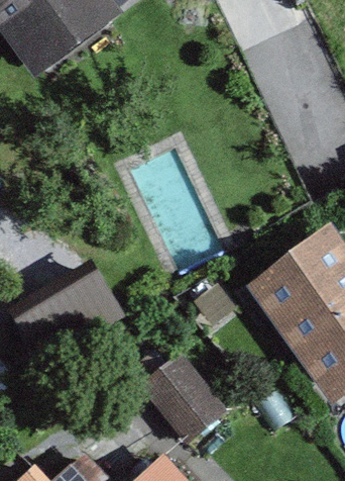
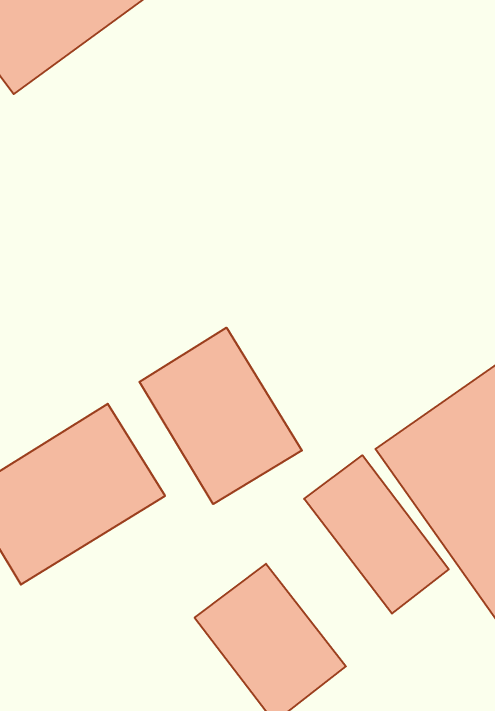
building: none -> [139,328,302,504]
building: none -> [304,455,449,614]

